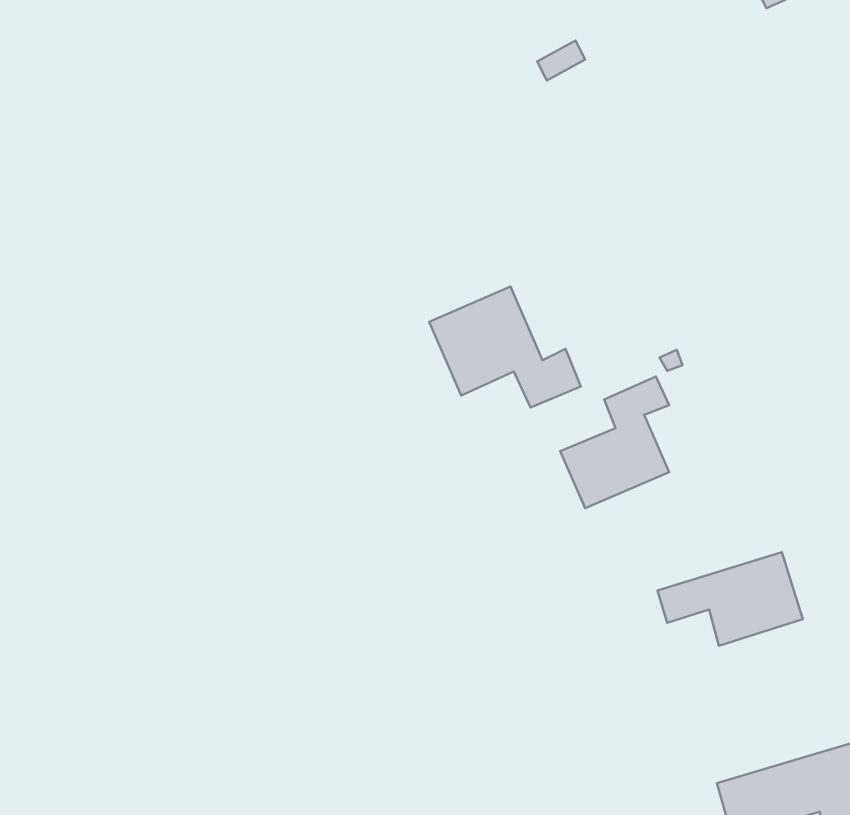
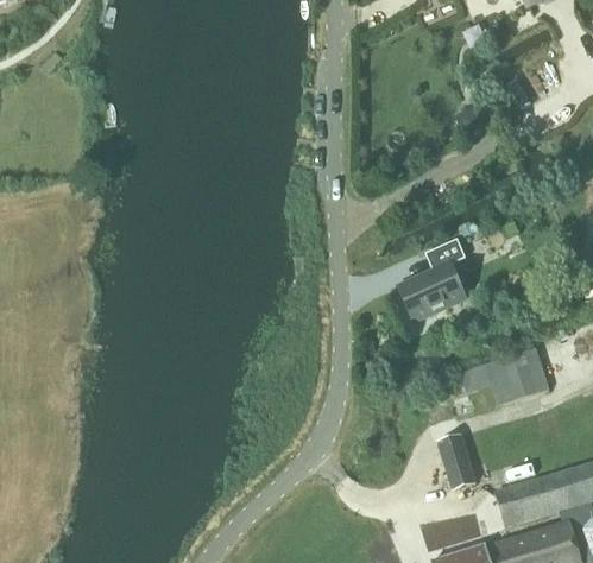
building: [429,286,581,407] -> none
building: none -> [439,434,477,487]

